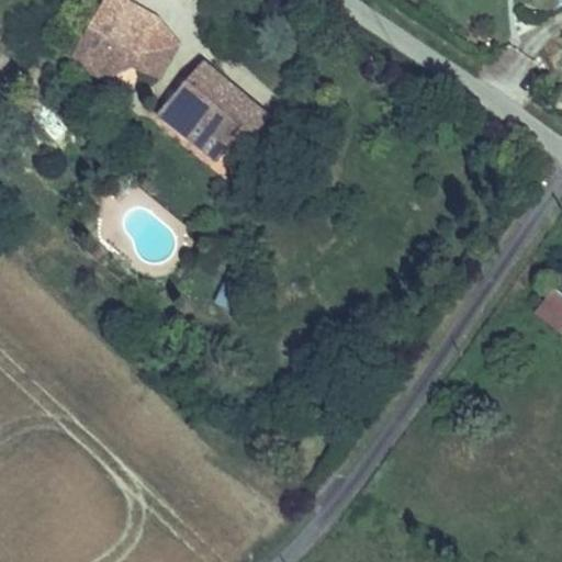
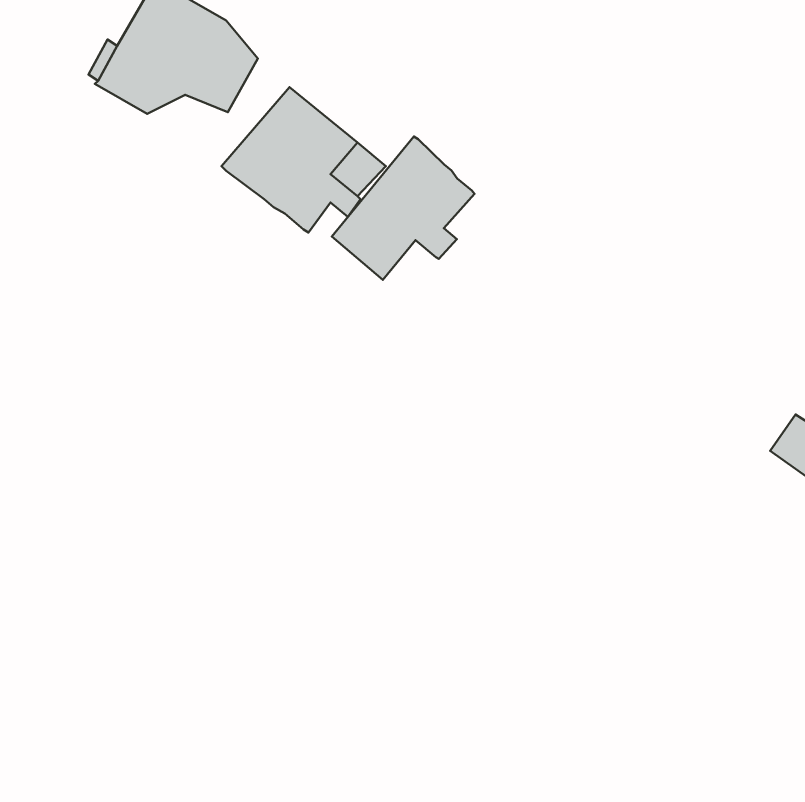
building: none -> [332,137,475,280]

